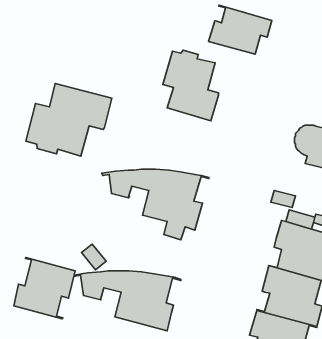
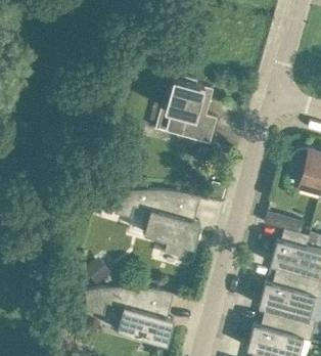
building: [208,5,272,54] -> none
building: [26,83,112,156] -> none
building: [14,257,75,319] -> none

